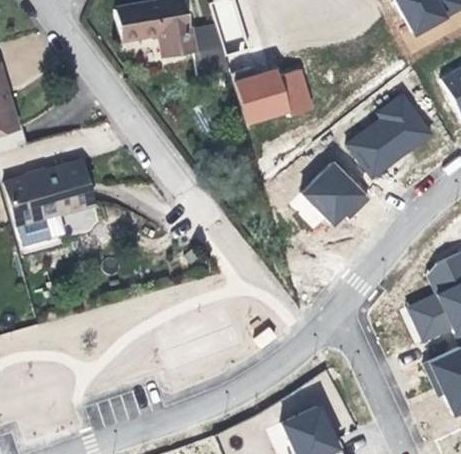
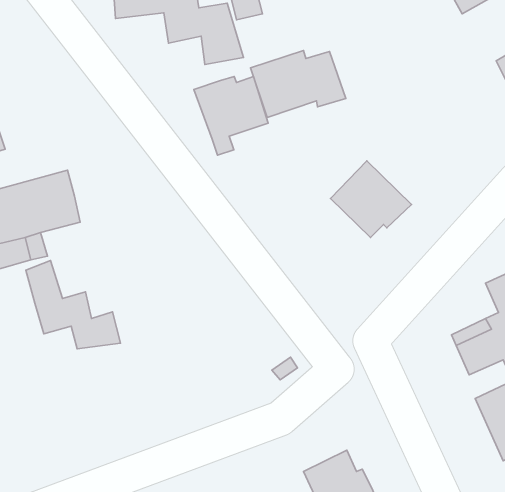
building: none -> [194,76,268,155]
building: [346,89,434,178] -> none
building: none -> [26,261,121,349]

